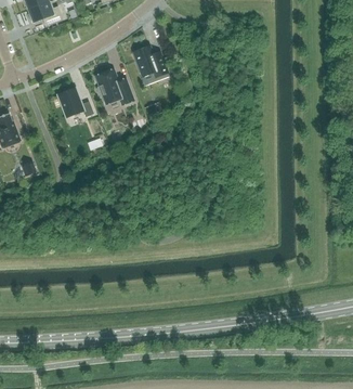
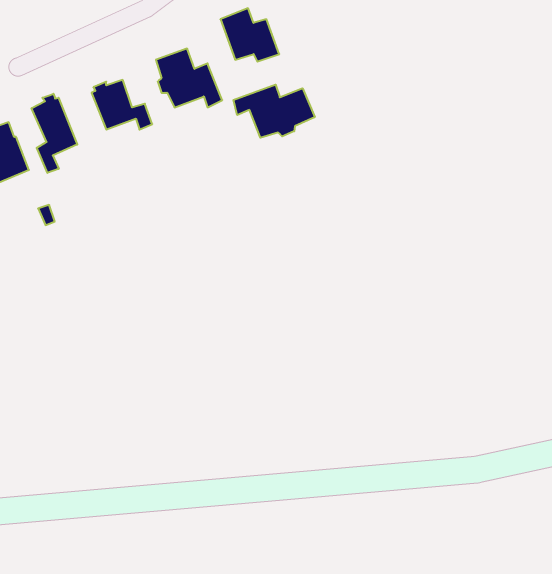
building: none -> [233,85,315,138]
building: none -> [32,94,77,173]

